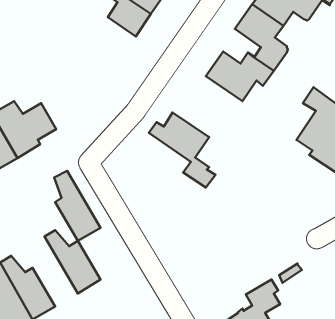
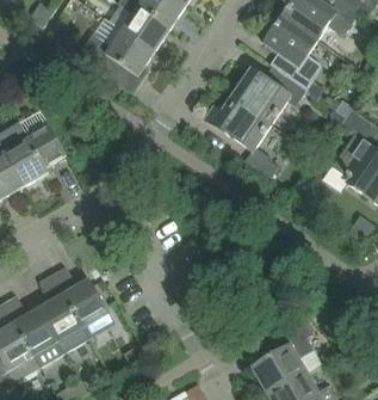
building: none -> [76,30,154,80]
building: [149,112,216,188] -> [205,96,279,179]
building: [54,171,100,241] -> [38,273,89,351]

